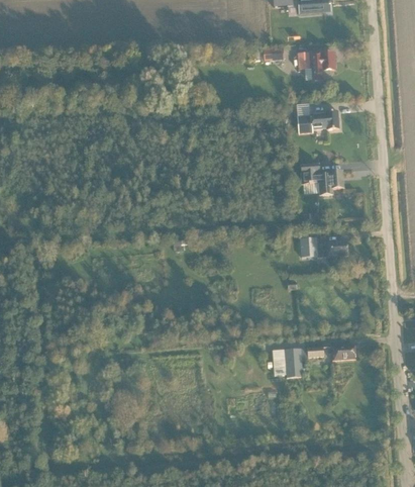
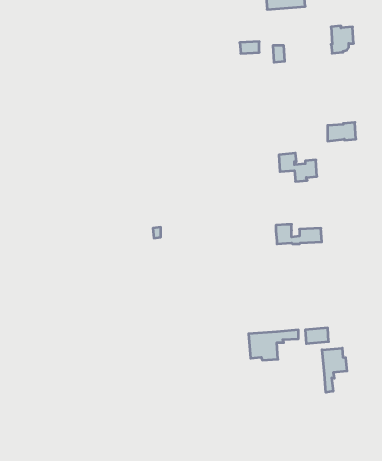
building: [310,50,333,78] -> [331,26,354,53]
building: [308,109,337,128] -> [328,122,356,141]
building: none -> [322,348,347,392]

